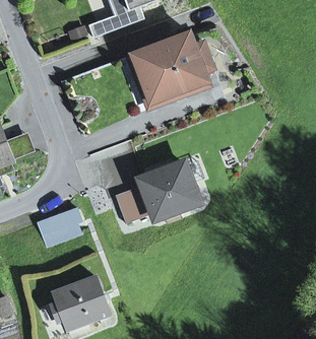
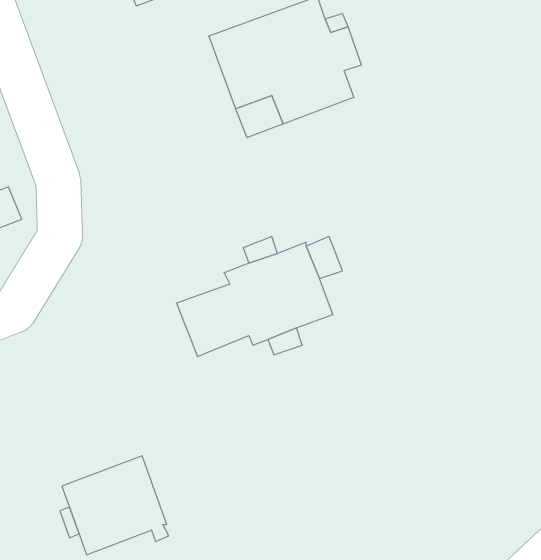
building: [37,208,80,245] -> none

